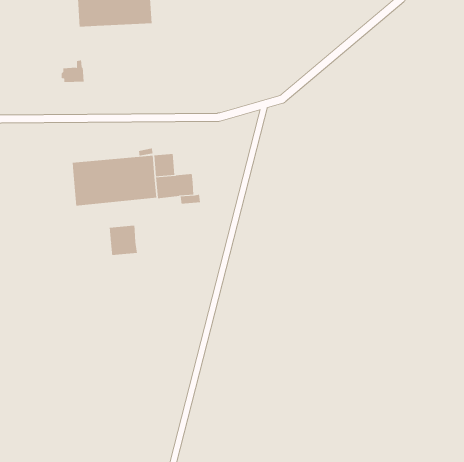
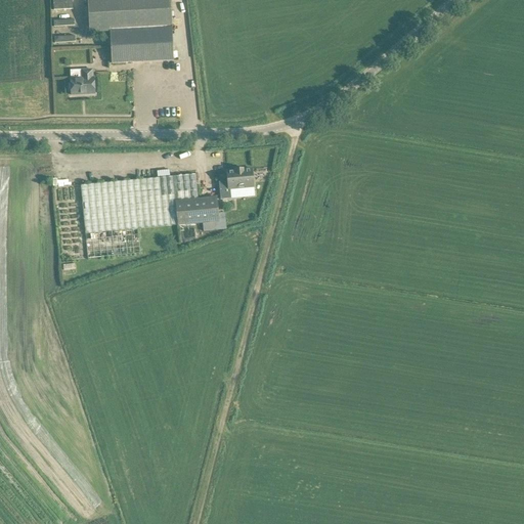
building: none -> [110,27,174,61]
building: none -> [219,167,254,198]
building: [109,225,137,256] -> none

